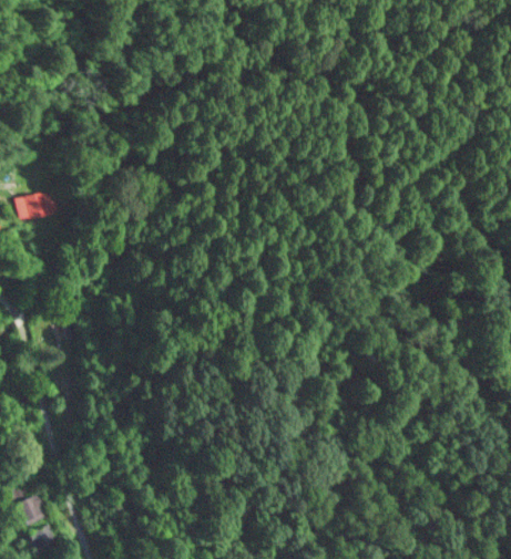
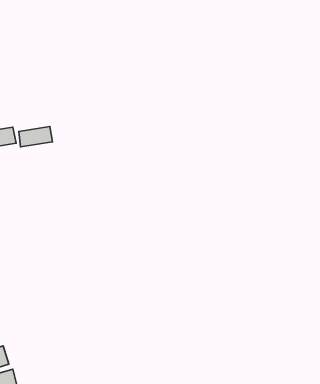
building: none -> [19,127,52,147]

